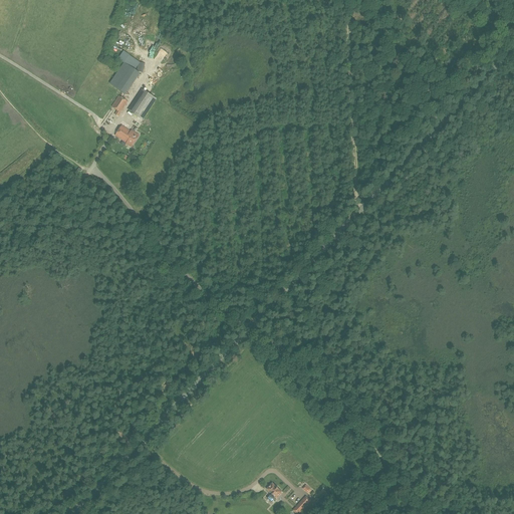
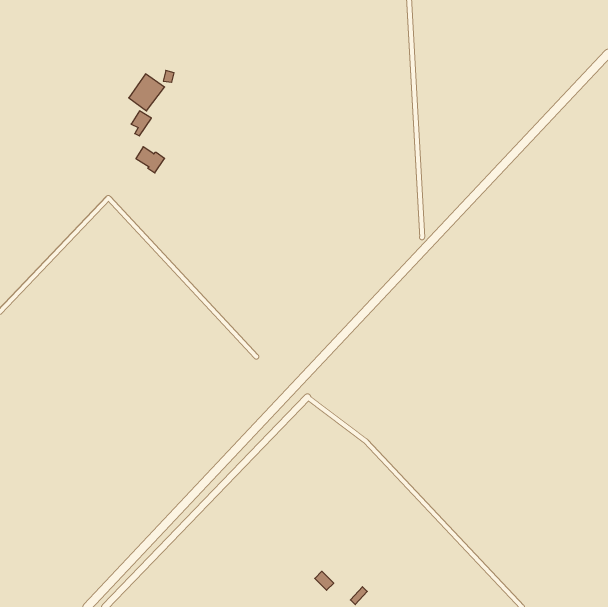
building: [128,88,155,117] -> none

